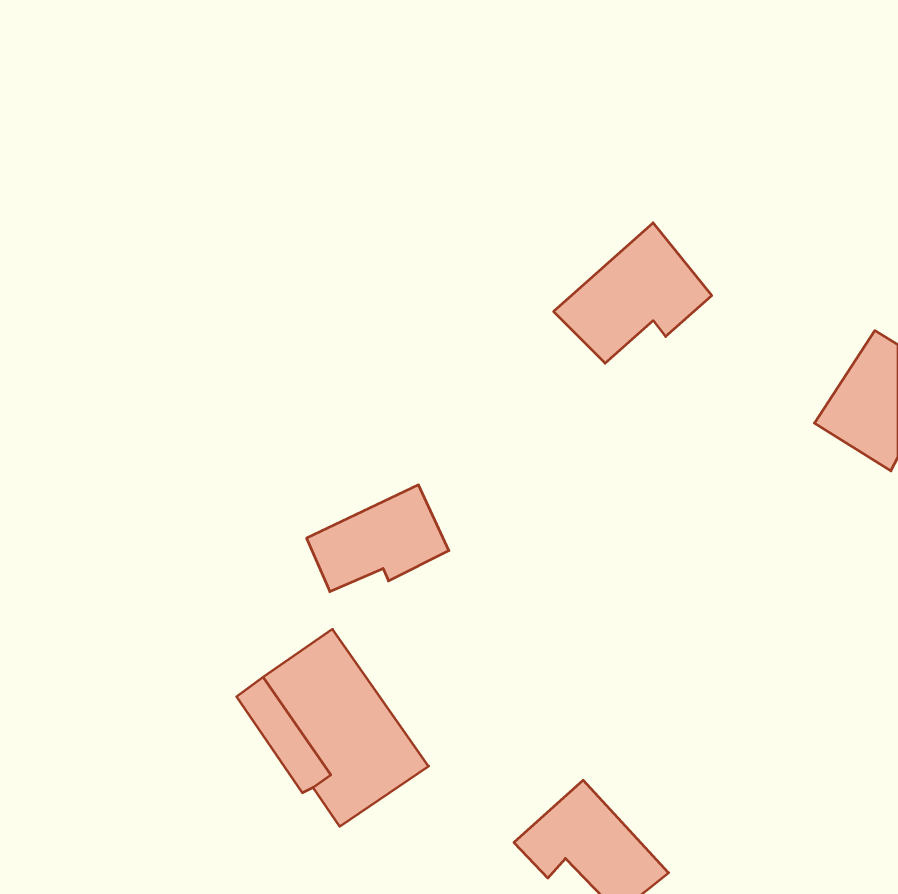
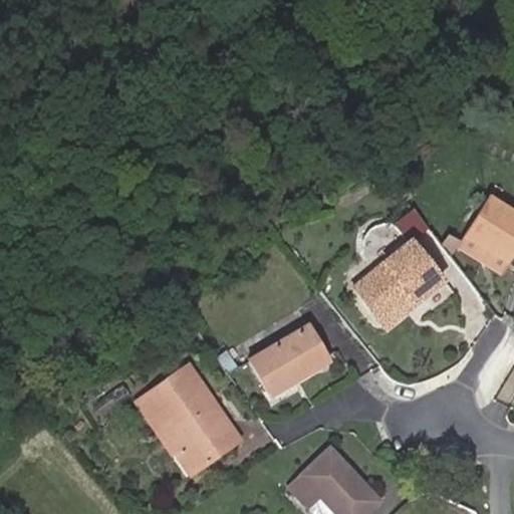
building: [554,223,712,363] -> [353,241,443,320]
building: [307,485,449,592] -> [251,324,331,384]

